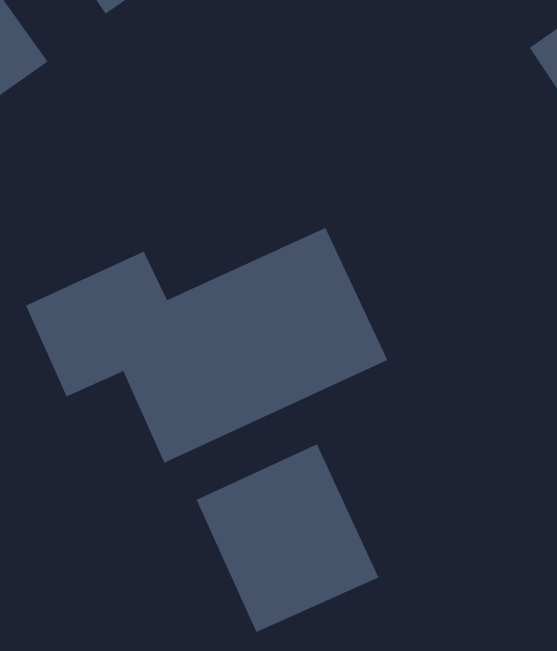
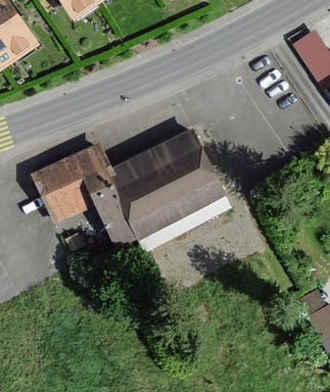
building: [196,443,379,633] -> none

